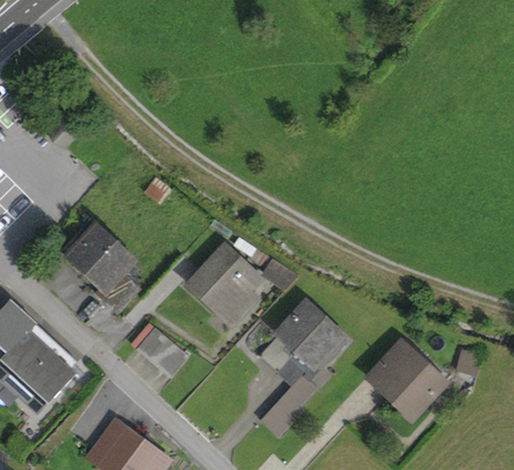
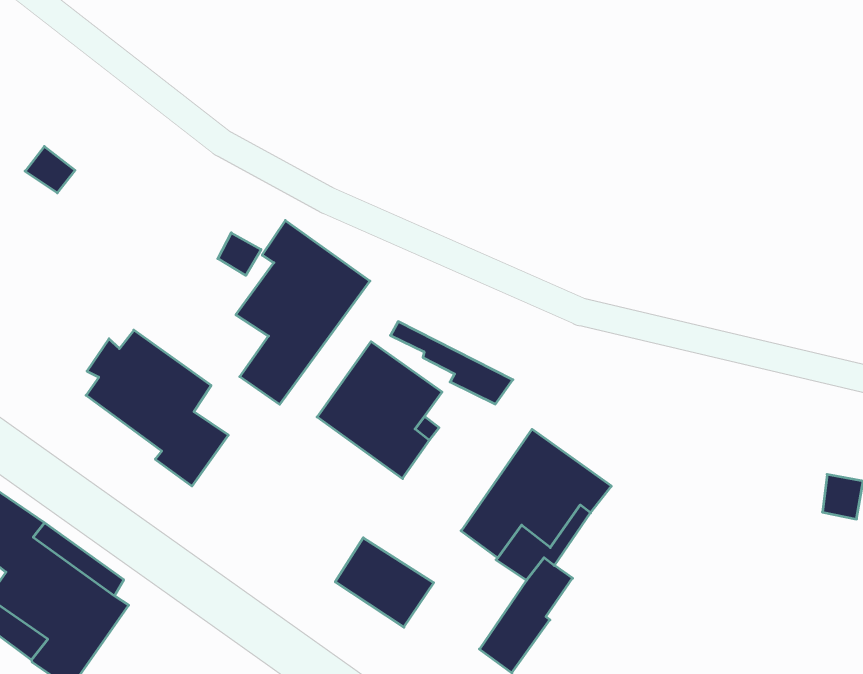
building: none -> [236,220,370,404]
building: [136,326,189,378] -> [335,538,434,627]
building: [368,341,444,417] -> none

